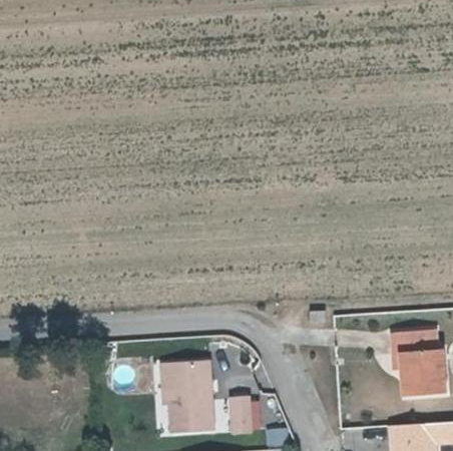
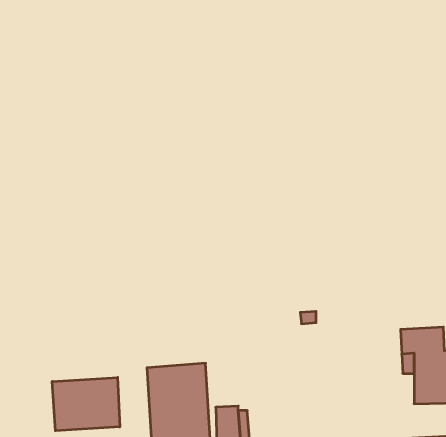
building: none -> [52,377,120,431]

